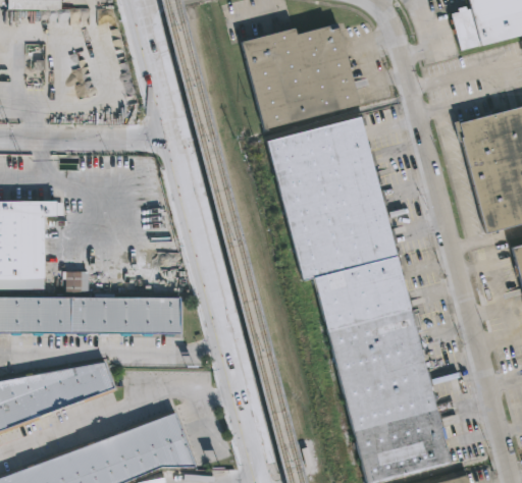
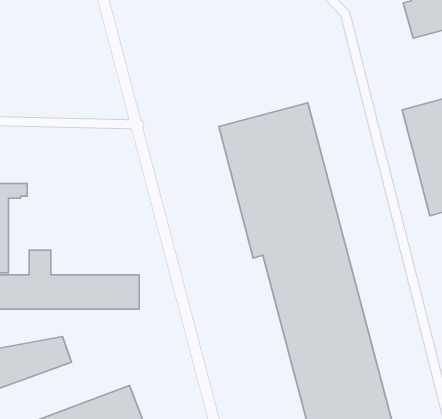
building: [240,26,358,129] -> none

